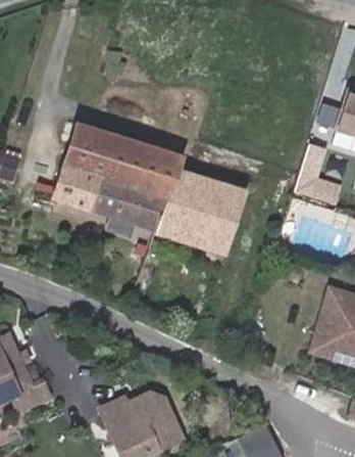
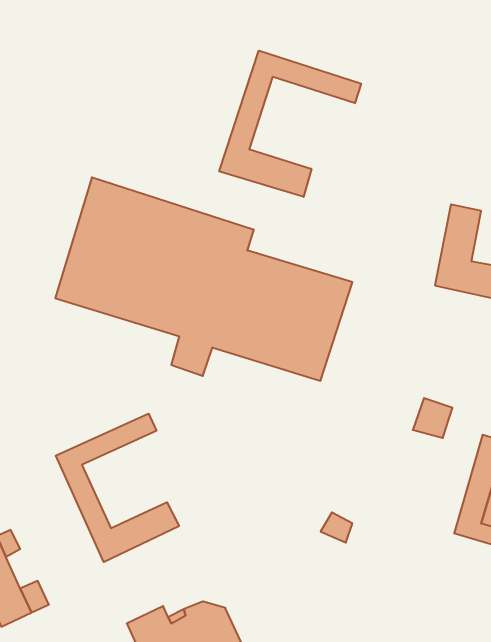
building: none -> [219,51,361,197]
building: none -> [56,414,179,562]

